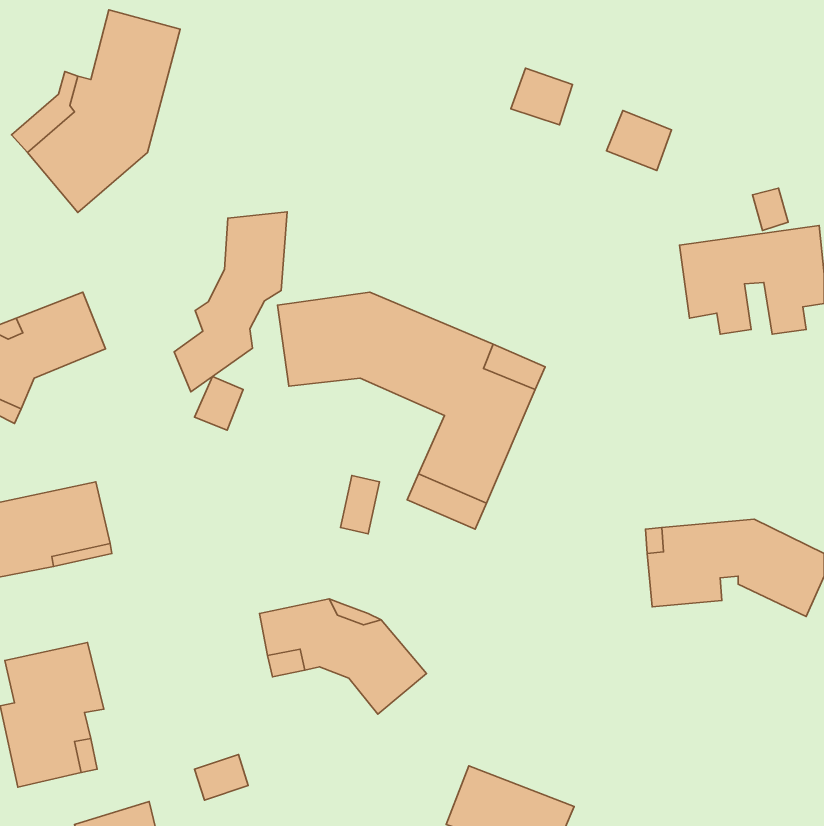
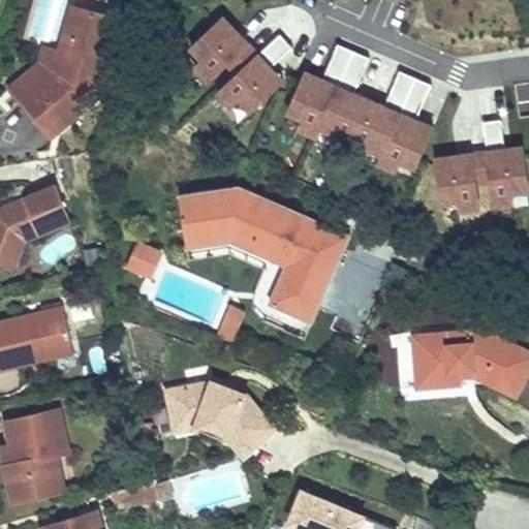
building: none -> [186,13,287,131]
building: none -> [279,67,436,174]
building: [174,212,287,392] -> none

